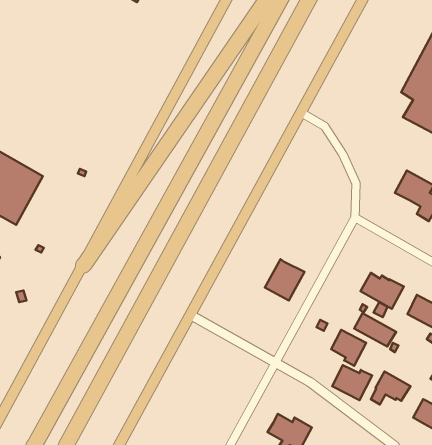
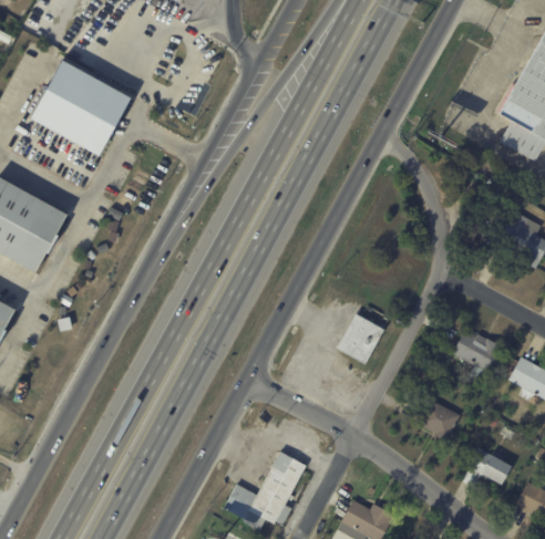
building: none -> [32,59,131,153]
building: [354,313,396,346] -> none
building: [332,365,372,400] -> none
building: none -> [224,452,307,530]

